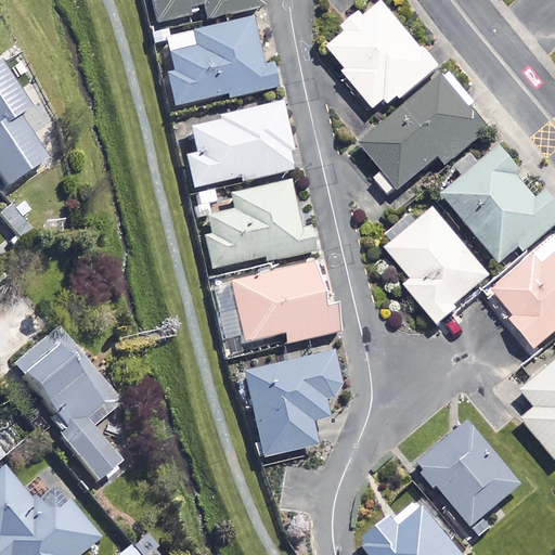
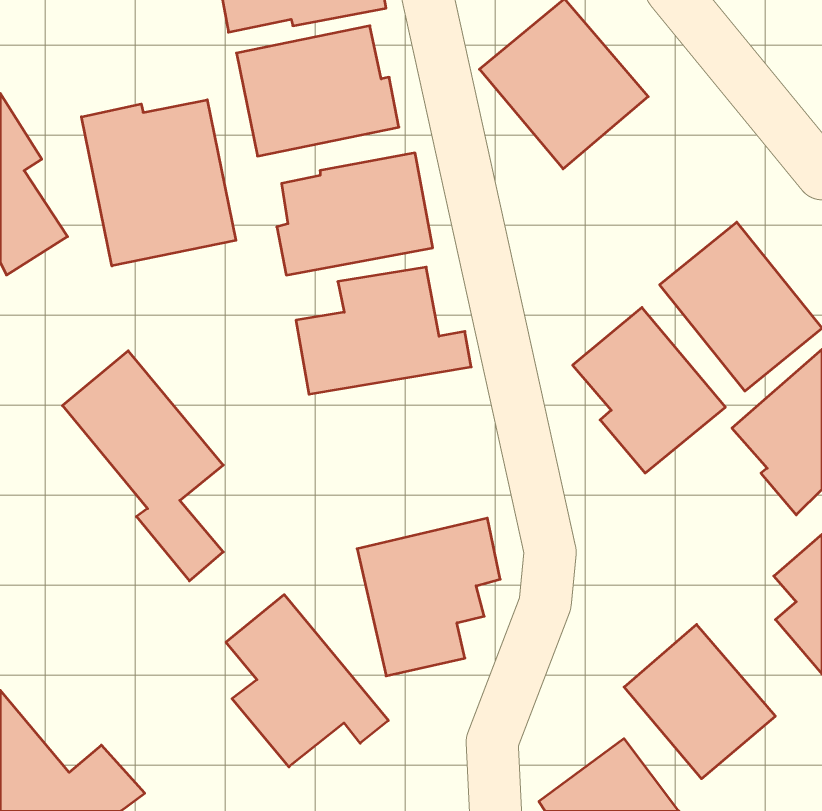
building: none -> [81,100,236,266]
building: [361,73,489,188] -> none
building: [228,261,337,341] -> none
building: [10,324,118,479] -> [62,351,223,581]
building: none -> [226,595,388,767]

